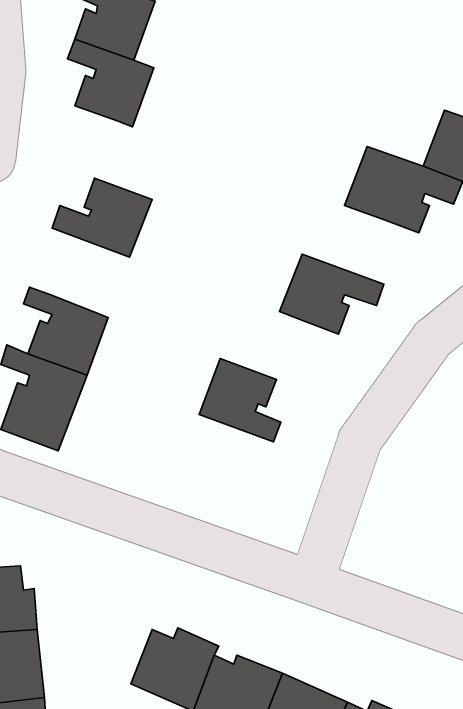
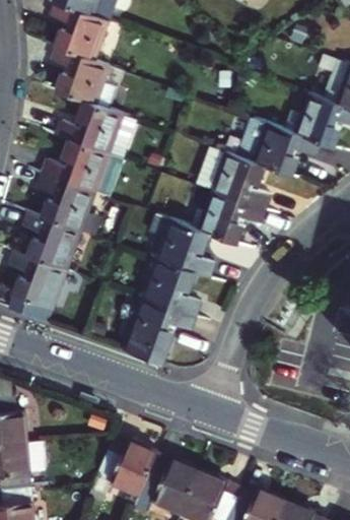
building: none -> [54,101,121,153]
building: none -> [207,152,267,210]
building: none -> [34,173,91,233]
building: none -> [152,219,207,279]
building: none -> [119,298,188,365]

